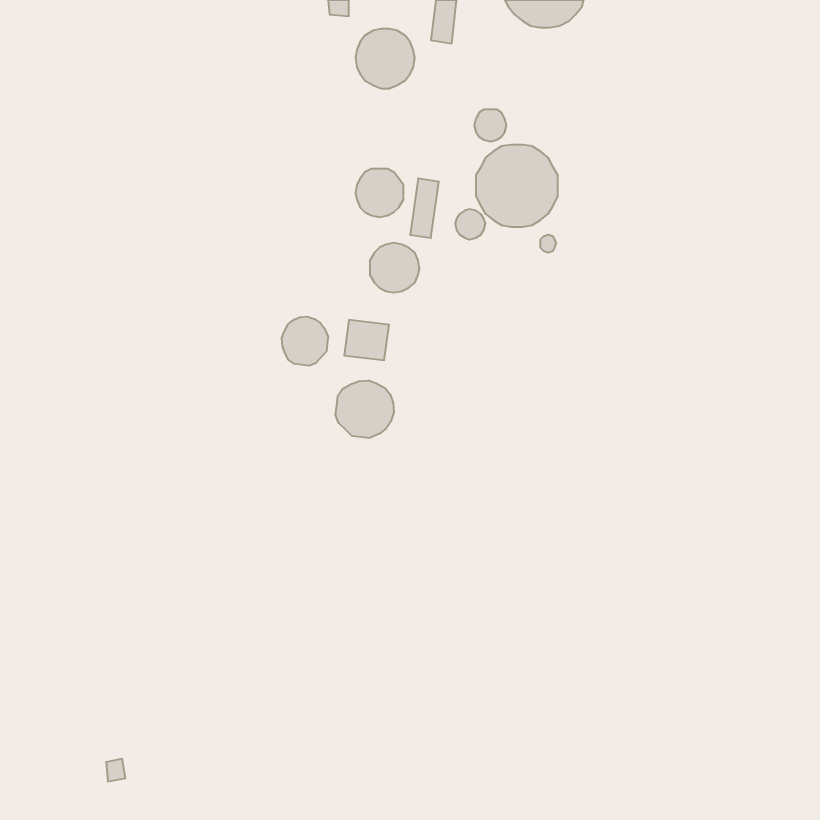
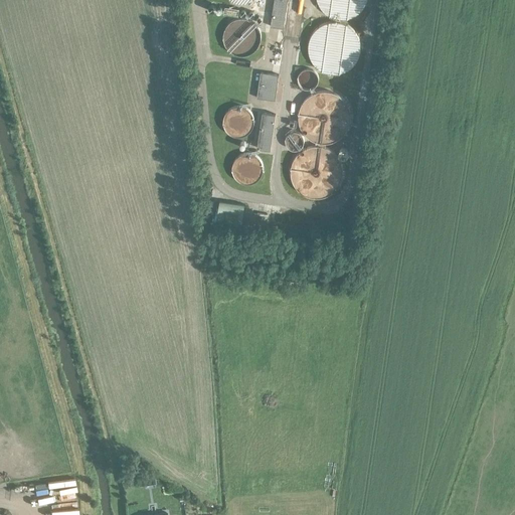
building: none -> [307,21,360,74]
building: none -> [255,72,278,101]
building: none -> [290,146,341,197]
building: [282,317,328,366] -> none
building: [336,380,394,438] -> none

